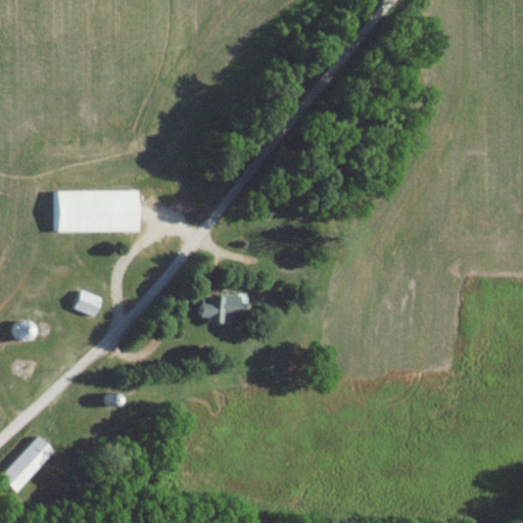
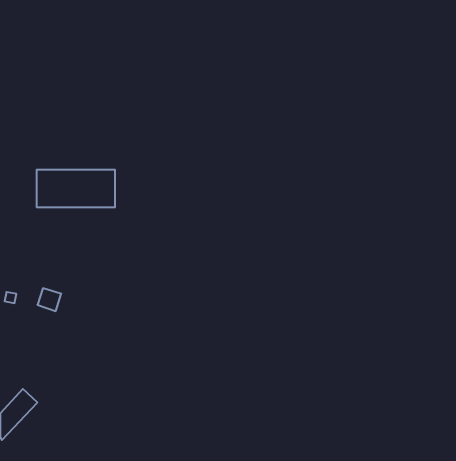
building: [74,290,100,316] -> [37,288,61,311]
building: [195,293,243,322] -> none

